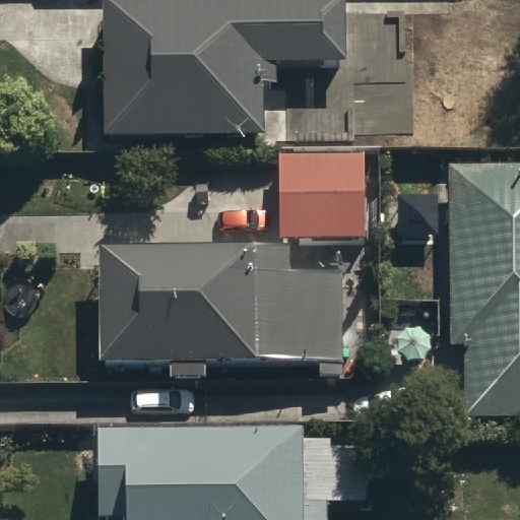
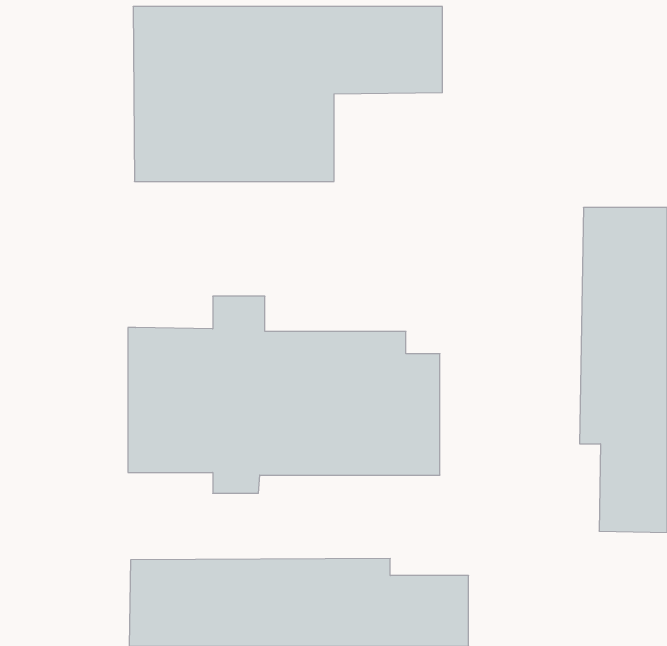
building: [281,149,364,240] -> none

